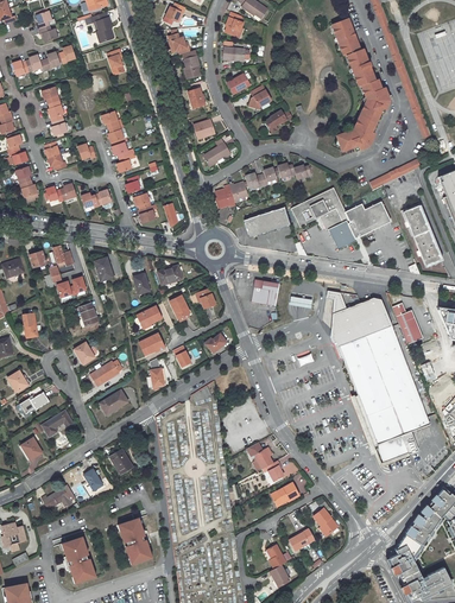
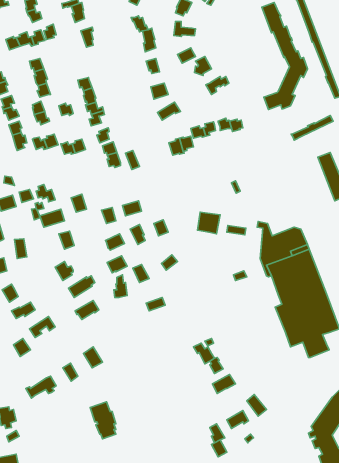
building: [290,186,392,250] -> none
building: [242,207,289,236] -> none
building: [392,304,423,345] -> none
building: [62,537,93,582] -> none

